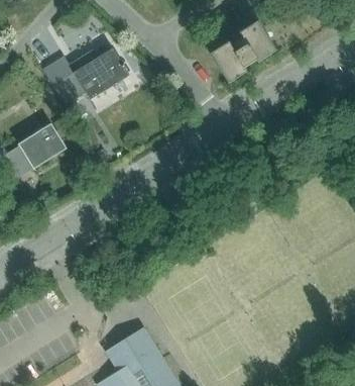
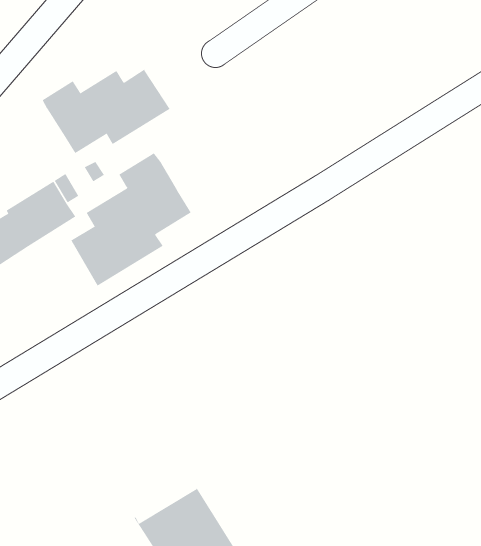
building: [210,20,276,83] -> none
building: none -> [70,152,192,287]

